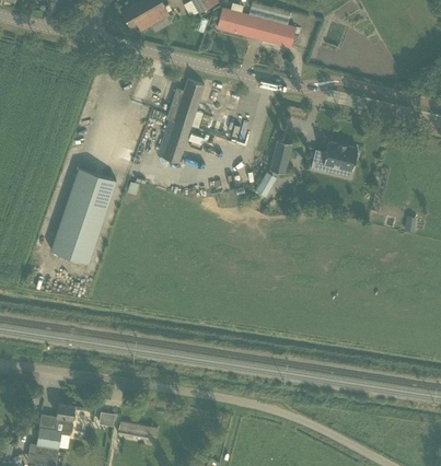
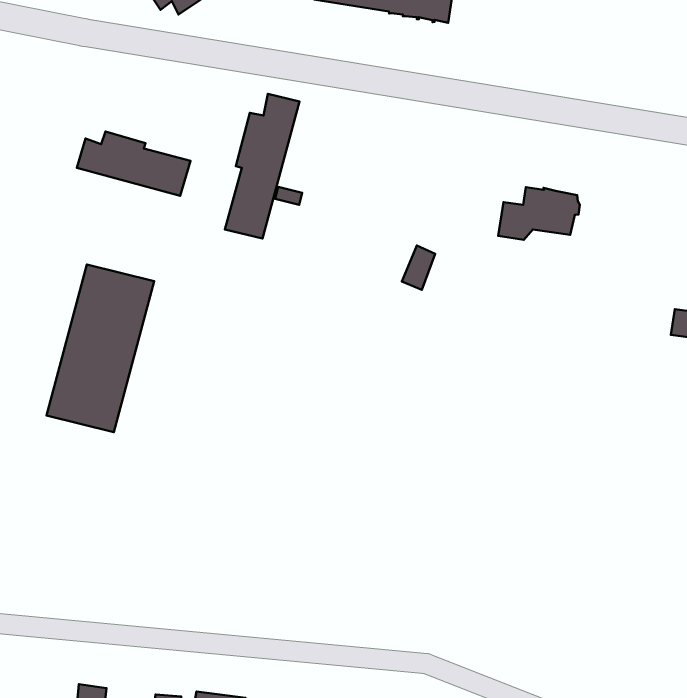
building: none -> [77,131,190,196]
building: [270,141,292,174] -> none

